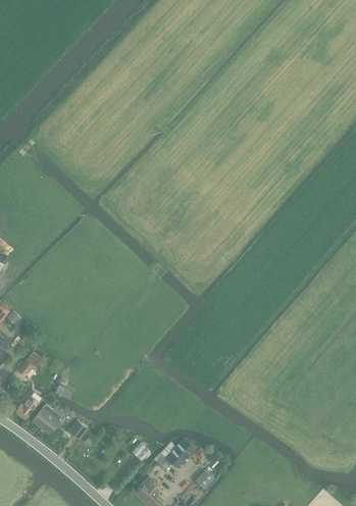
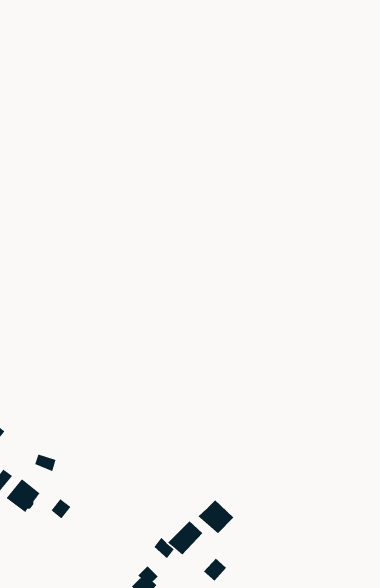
building: none -> [198,499,234,534]

